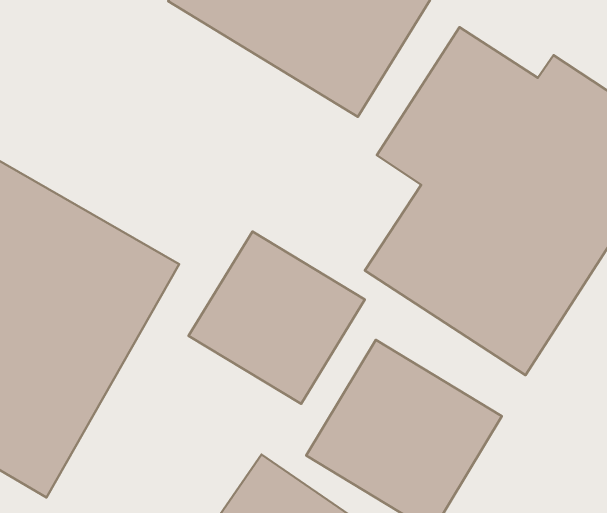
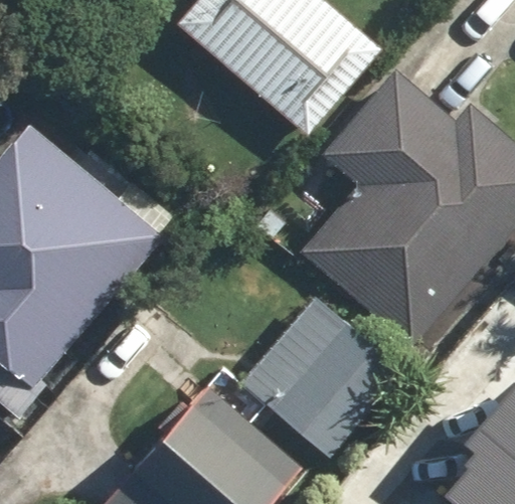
building: [189,232,365,404] -> none

